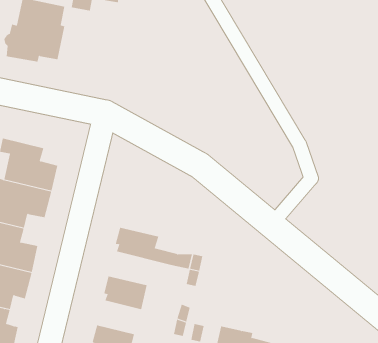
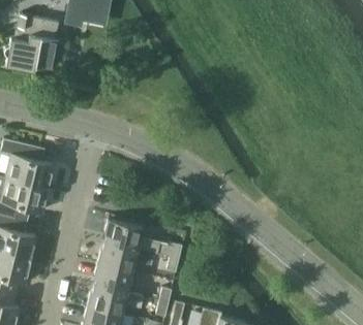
building: none -> [97,241,154,271]
building: none -> [87,285,143,315]

